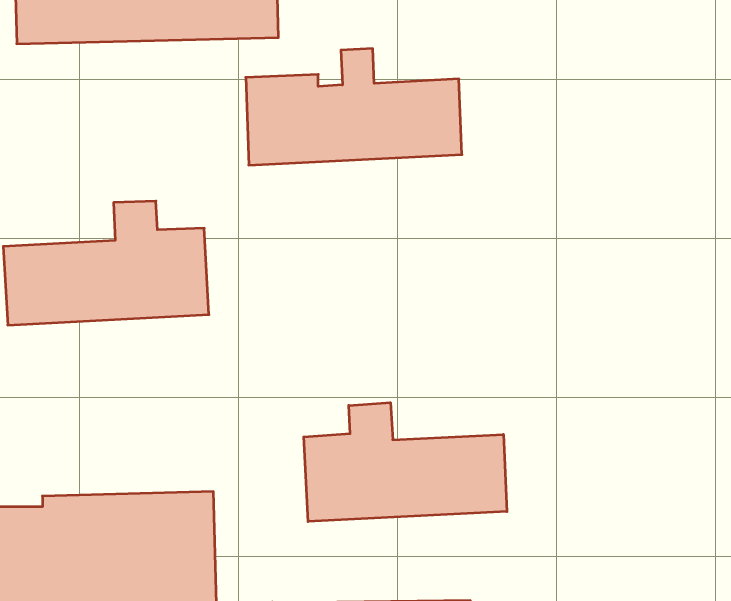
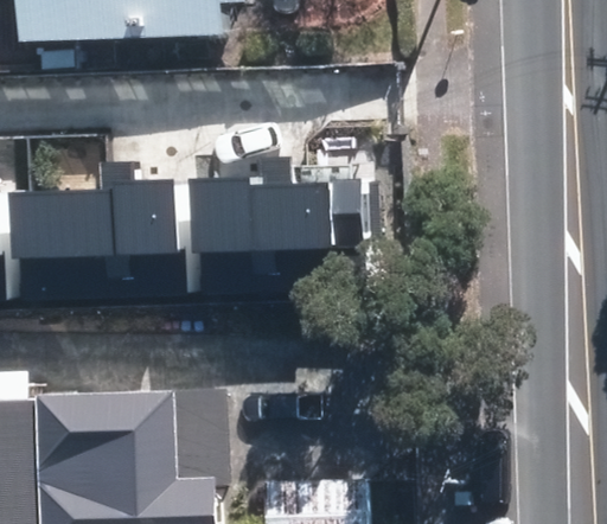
building: [246,49,462,165] -> [186,160,356,251]
building: [304,403,507,522] -> none

